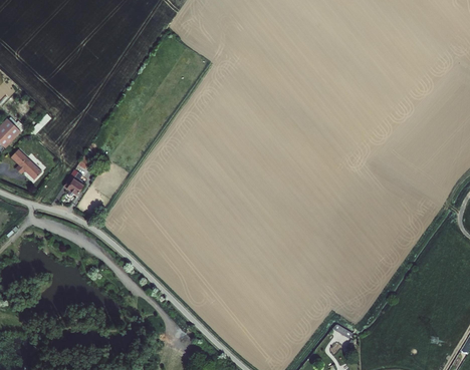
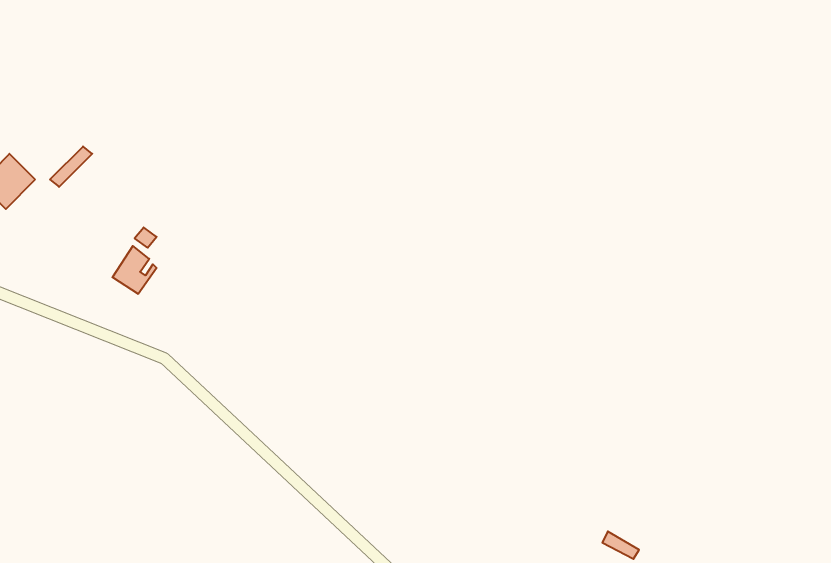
building: [11,149,41,179] -> none

